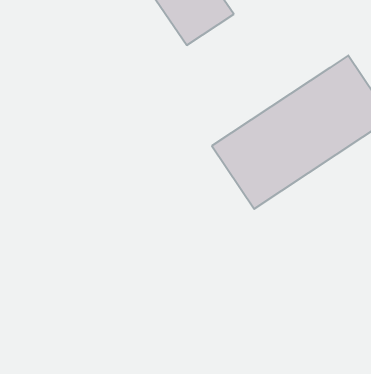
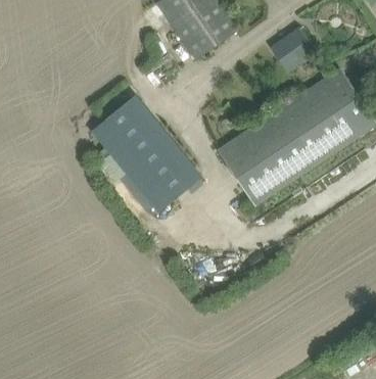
building: none -> [270,28,317,74]
building: none -> [91,96,201,212]

